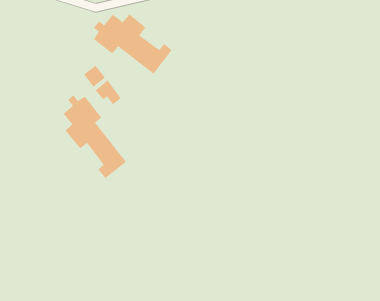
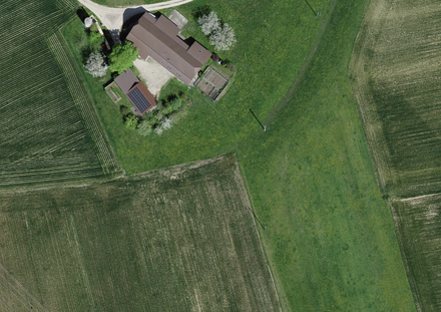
building: [63,95,127,179] -> none

